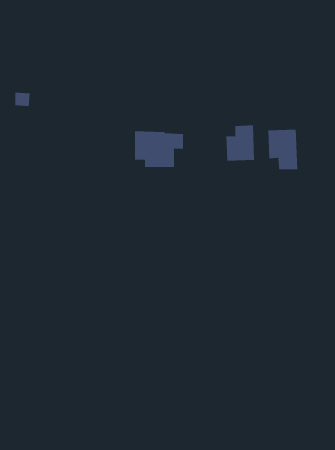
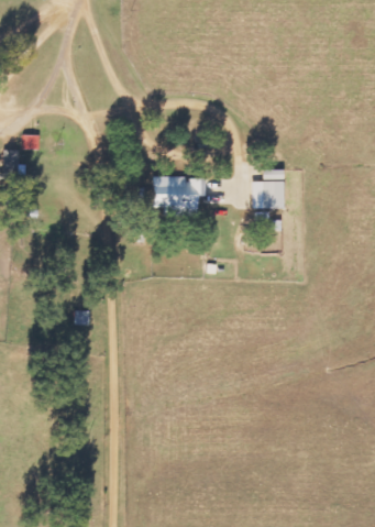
building: [268,129,298,170] -> none

